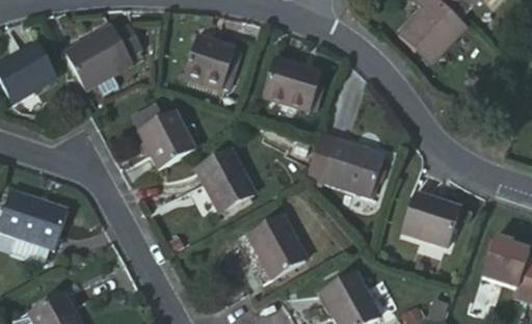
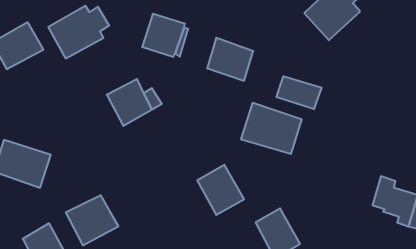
building: none -> [277,76,321,109]
building: [197,151,256,213] -> none
building: [401,194,464,250] -> none
building: none -> [66,195,118,245]

